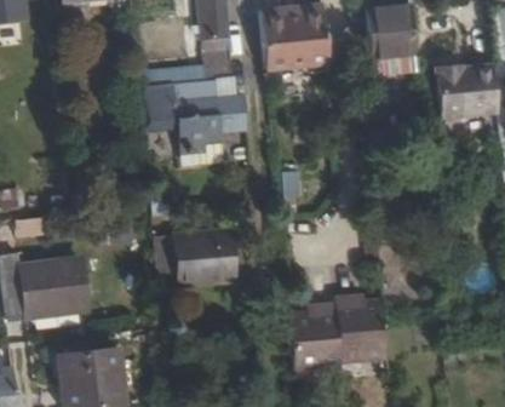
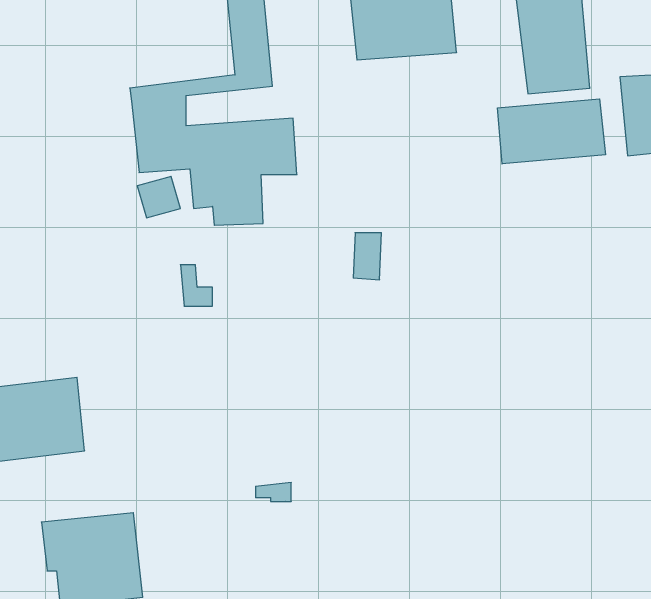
building: none -> [498,99,605,164]
building: [160,231,251,291] -> none
building: [275,298,374,367] -> none

